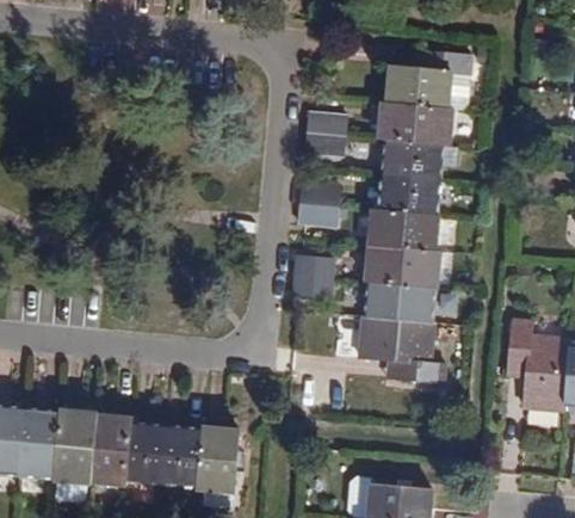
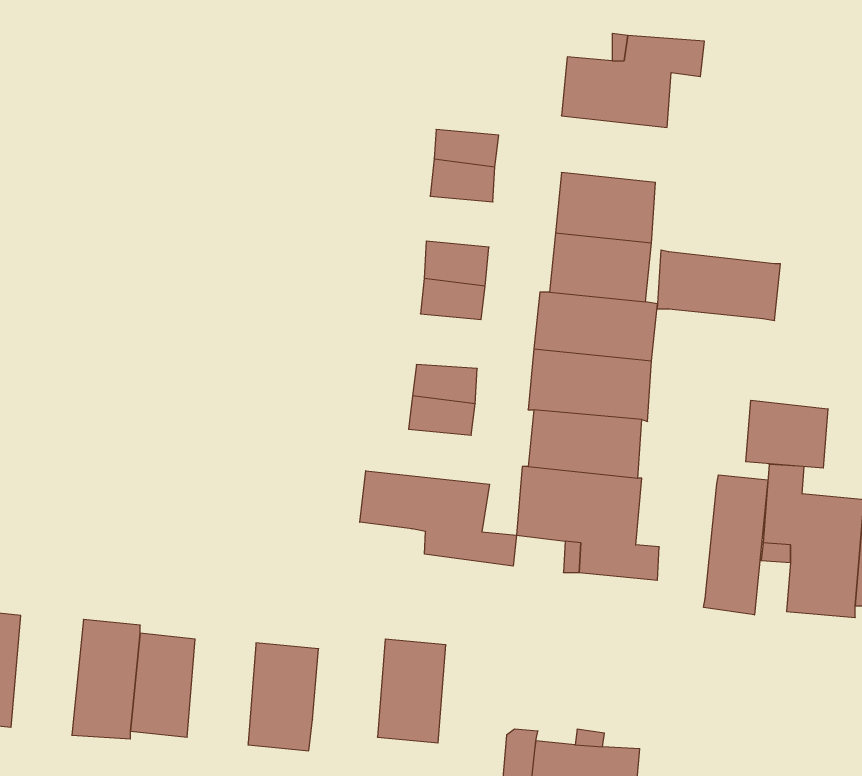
building: [377,103,452,146] -> [657,250,780,321]
building: none -> [746,400,828,468]
building: none -> [360,471,516,566]
building: none -> [704,475,768,615]
building: [49,407,93,483] -> none
building: [156,423,198,486] -> [377,639,446,743]

